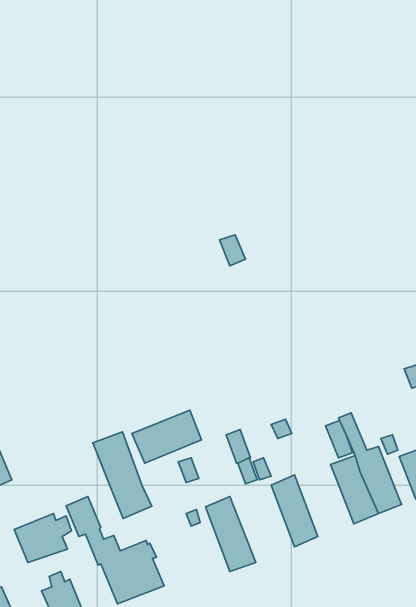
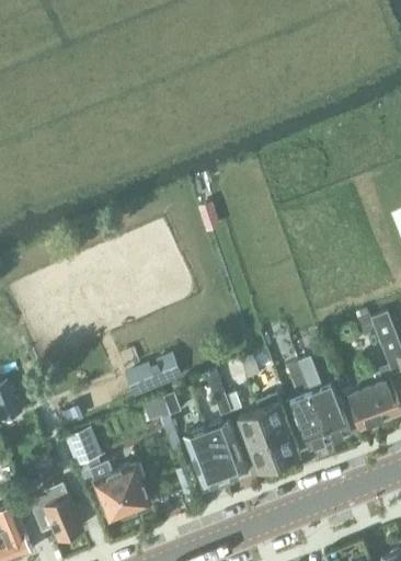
building: [93,432,152,518] -> none
building: none -> [257,392,301,461]
building: none -> [206,420,249,483]
building: [14,514,72,563] -> none

